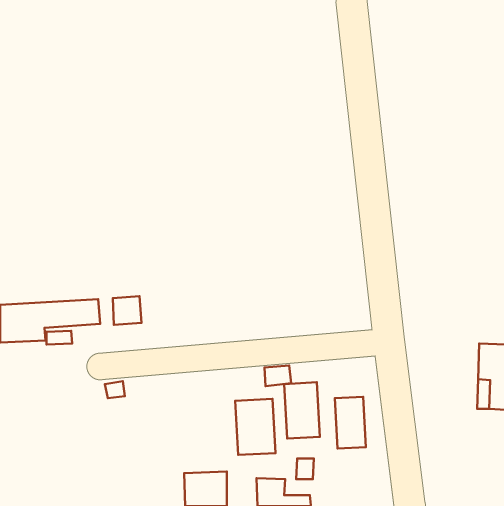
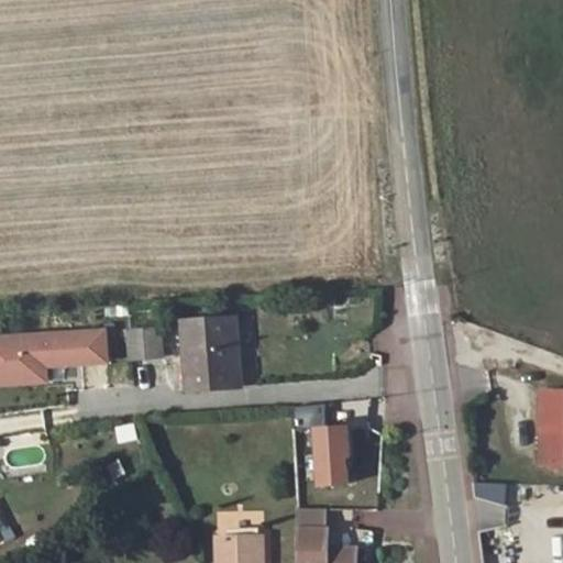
building: none -> [178,319,240,389]
building: [335,397,366,449] -> none
building: [235,399,275,455] -> none

